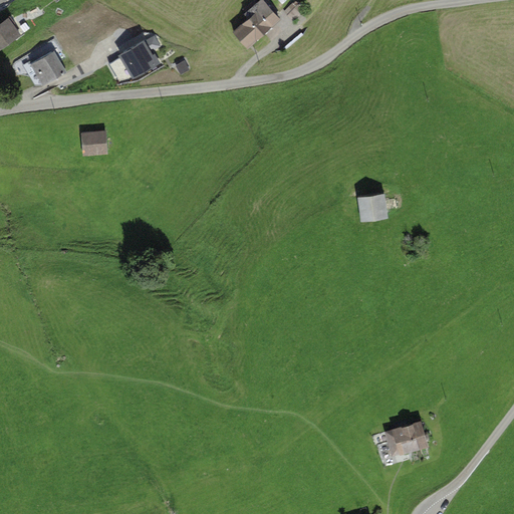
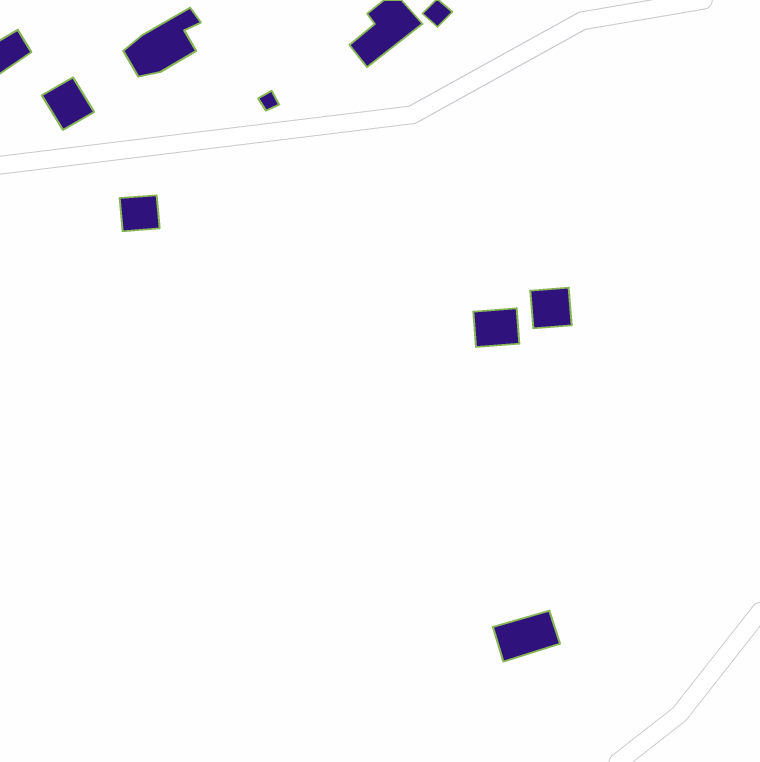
building: [107,35,160,81] -> [123,8,201,76]
building: none -> [473,308,519,347]
building: [382,421,428,455] -> [493,611,560,661]

